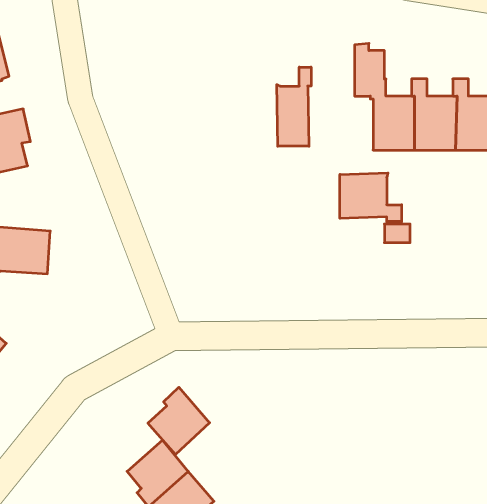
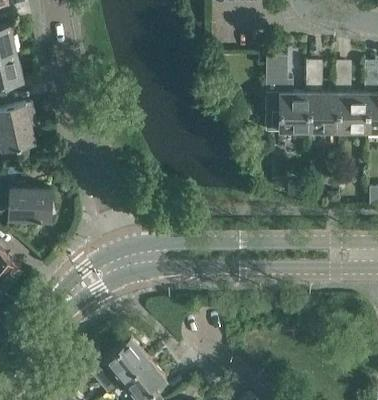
building: [277,67,311,146] -> none
building: [340,173,402,222] -> none
building: [148,387,210,455] -> none

